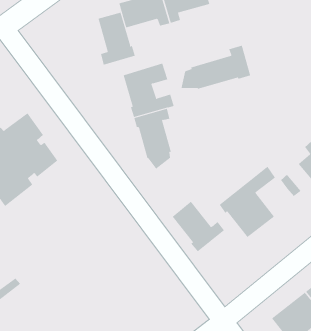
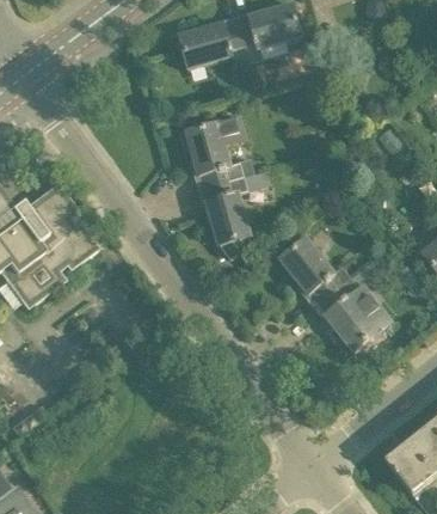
building: [98,12,136,65] -> none
building: [181,45,251,89] -> none
building: [172,201,225,252] -> [278,237,350,306]

